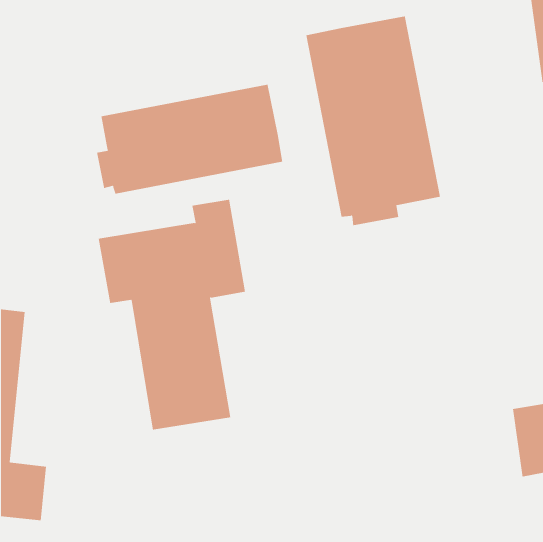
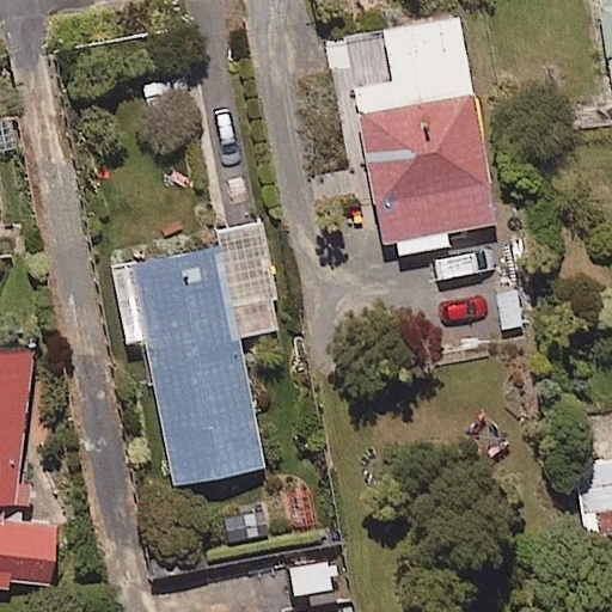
building: [96,84,283,194] -> none

